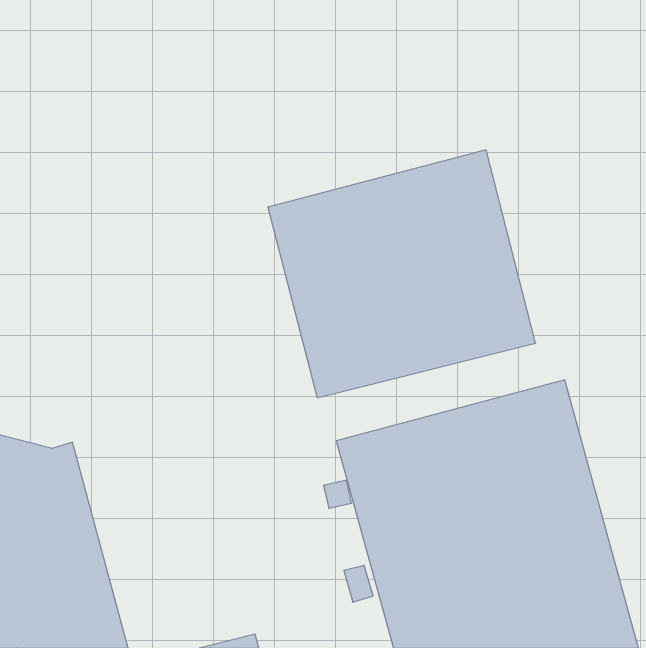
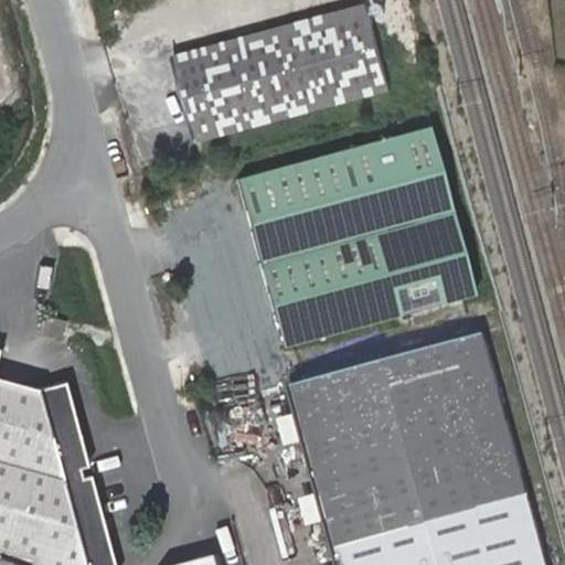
building: none -> [166,8,388,146]

